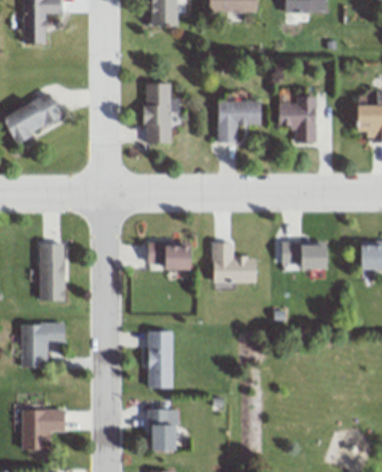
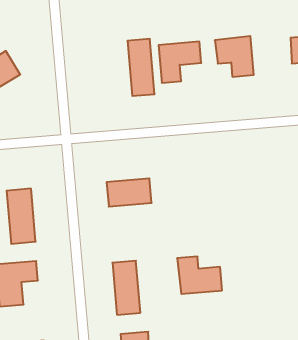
building: [145,83,170,143] -> [127,39,155,96]
building: [281,242,330,269] -> none
building: [211,243,257,282] -> [177,257,222,294]

